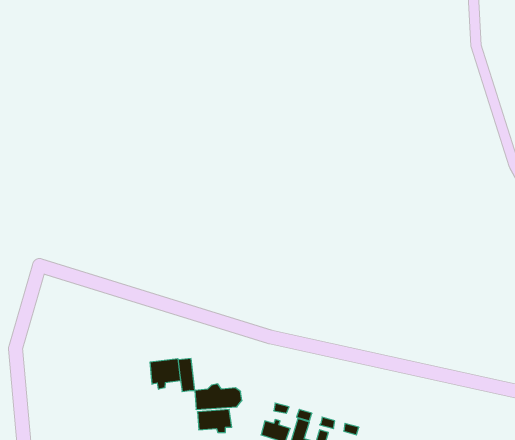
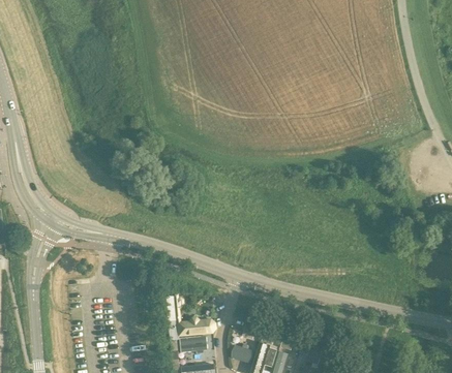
building: [150,359,180,389] -> none

